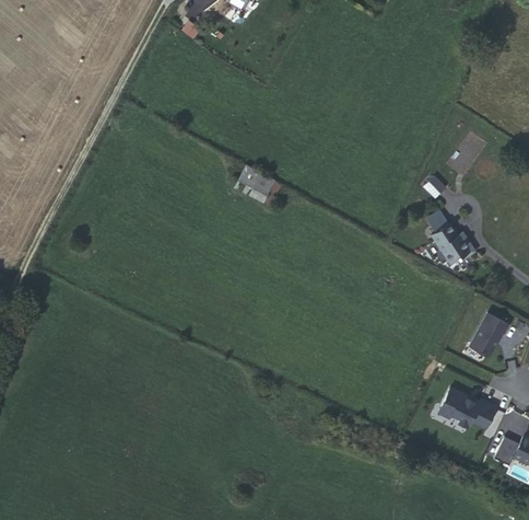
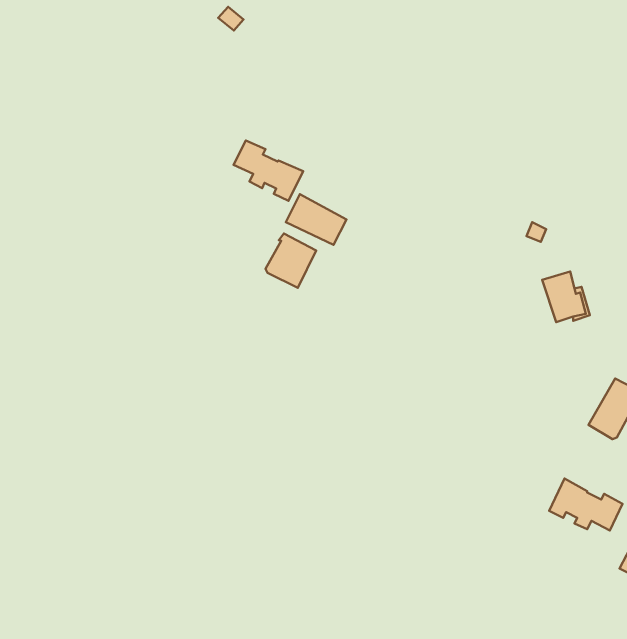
building: none -> [233,140,303,201]
building: none -> [265,233,316,288]

